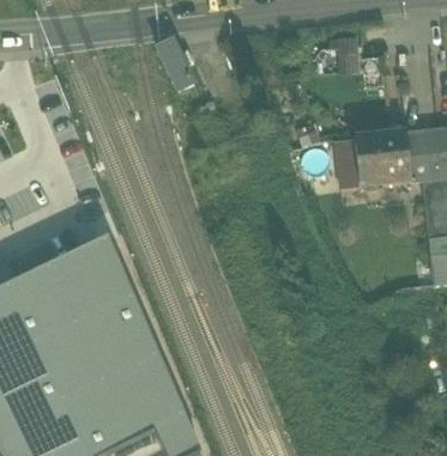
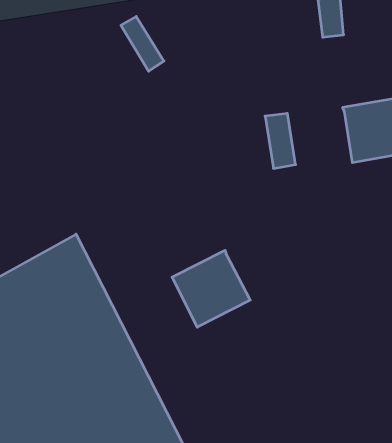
building: [334,138,360,187] -> [265,113,296,168]
building: none -> [172,250,250,327]

